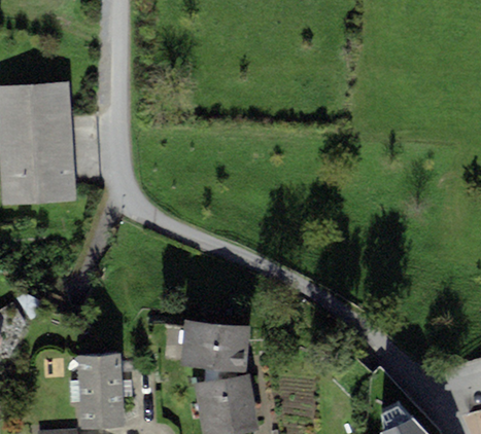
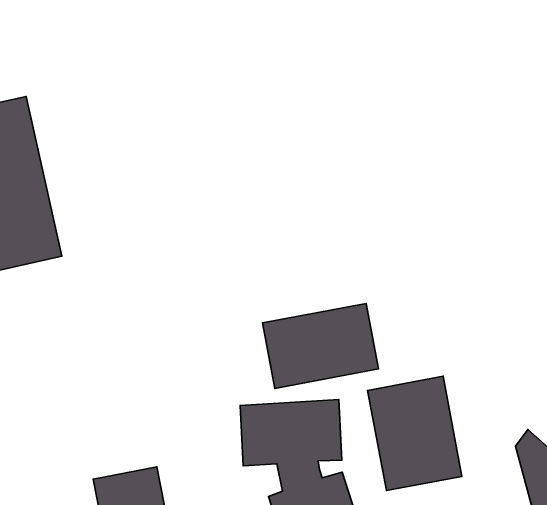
building: none -> [263,303,379,388]
building: none -> [368,376,462,490]

